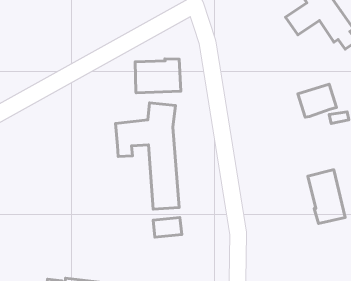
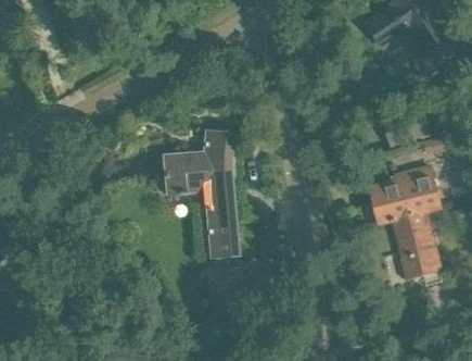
building: [135,59,181,93] -> none
building: none -> [371,167,439,223]

